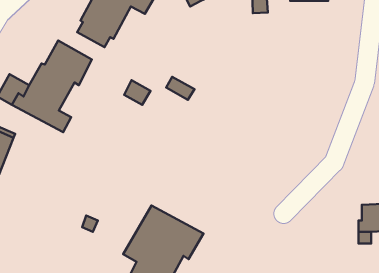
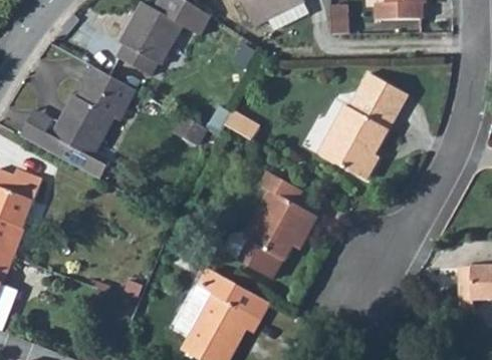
building: none -> [317,71,408,179]
building: none -> [239,170,317,278]

